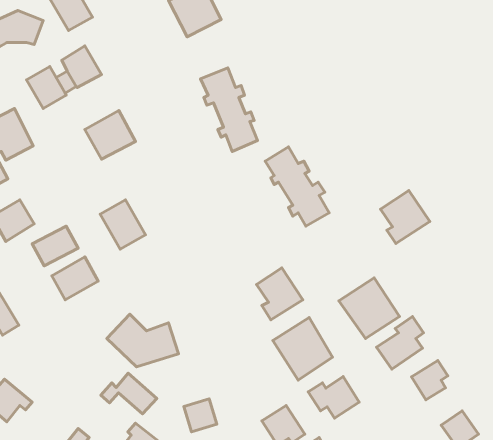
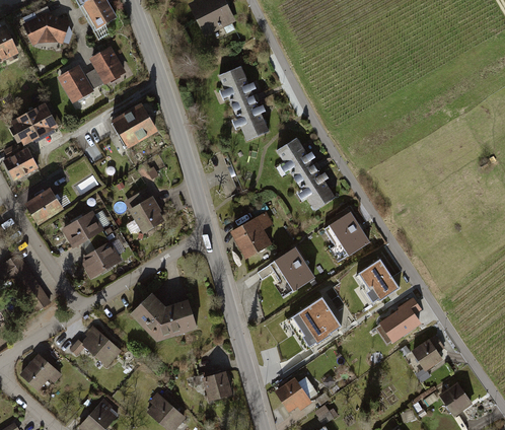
building: [380,191,430,243] -> [322,212,368,261]
building: none -> [231,212,273,257]
building: [101,373,157,414] -> [69,327,121,364]
building: [308,376,359,418] -> none

